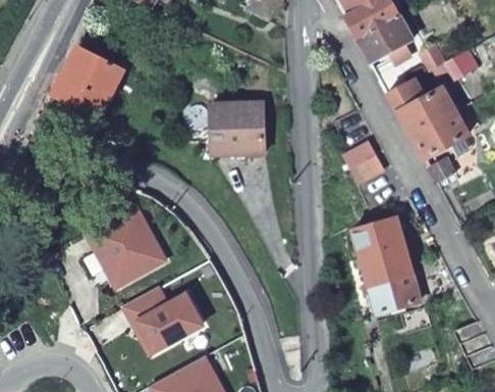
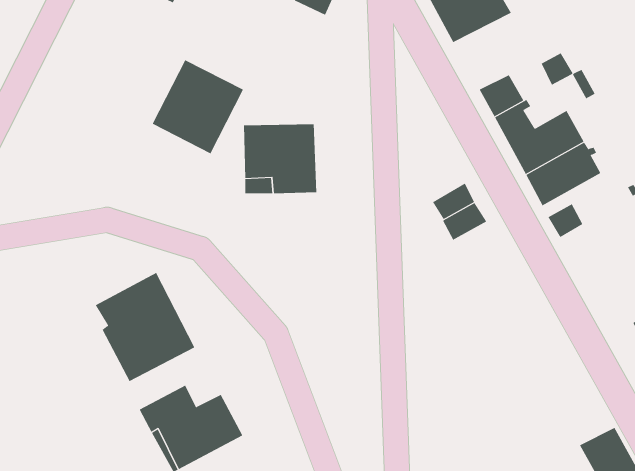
building: [359,13,416,59] -> none
building: [53,47,121,117] -> [152,59,244,154]
building: [352,216,418,312] -> none

